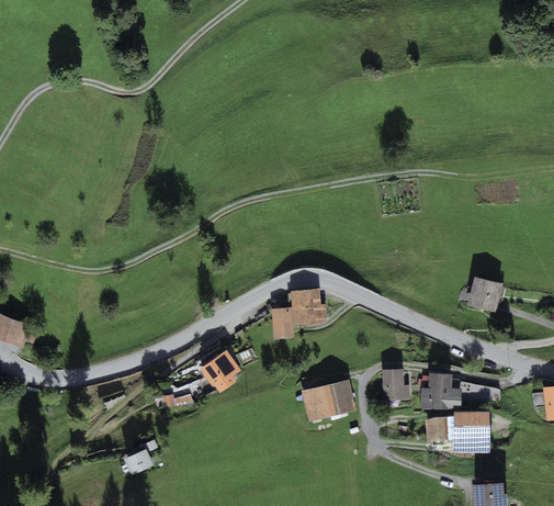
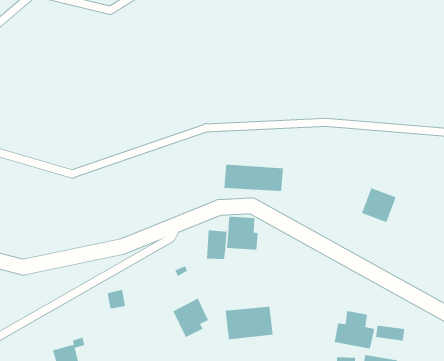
building: none -> [224,164,284,192]
building: [467,276,502,311] -> [361,187,397,223]
building: [201,348,240,392] -> [173,298,209,338]
building: [383,368,410,400] -> none

